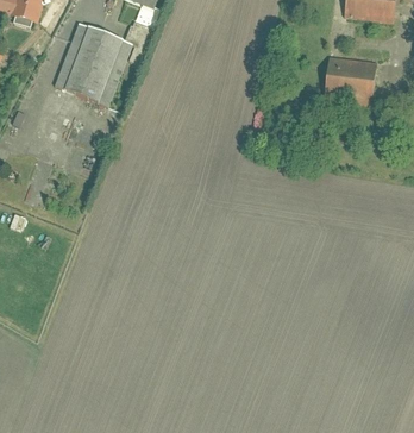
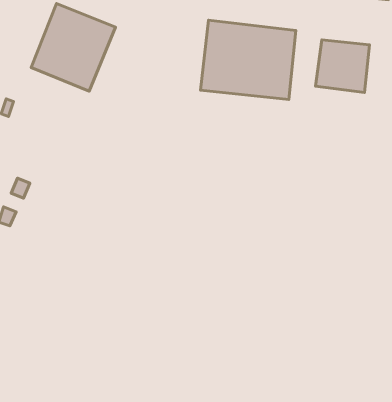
building: none -> [201,20,296,100]

